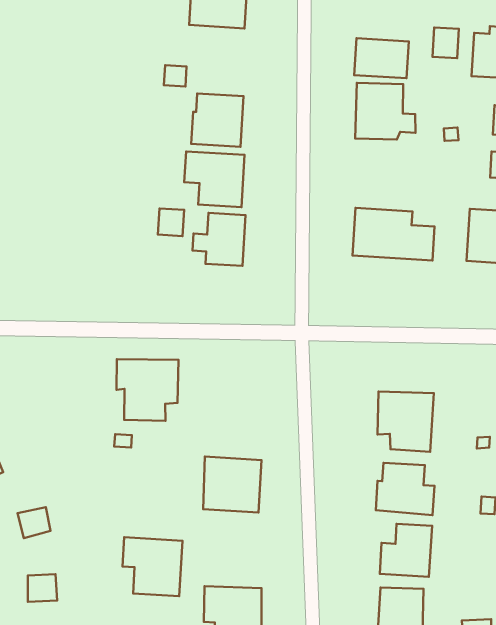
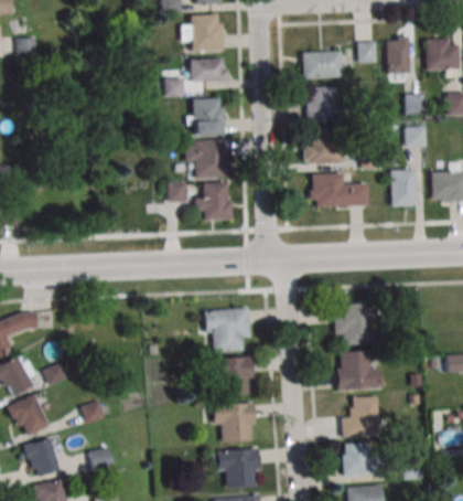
building: none -> [190,60,227,82]
building: none -> [303,129,342,163]
building: [117,359,179,421] -> [205,308,250,353]
building: [122,537,183,596] -> [213,403,255,443]

